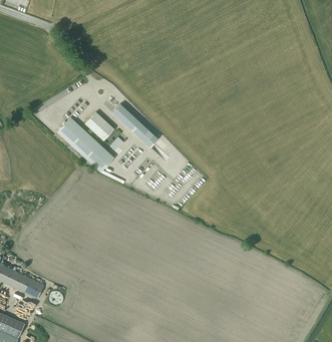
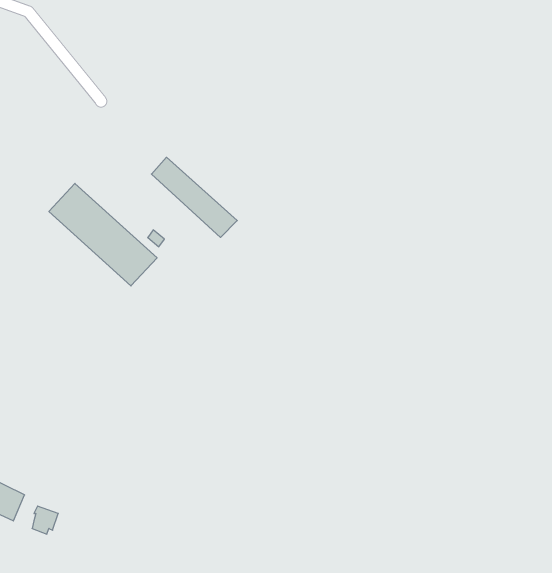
building: [85,111,115,140] -> none

